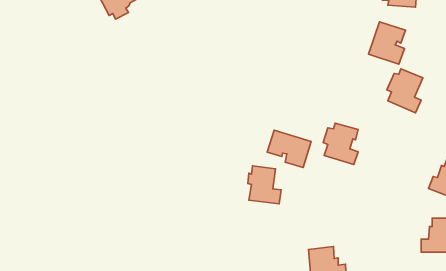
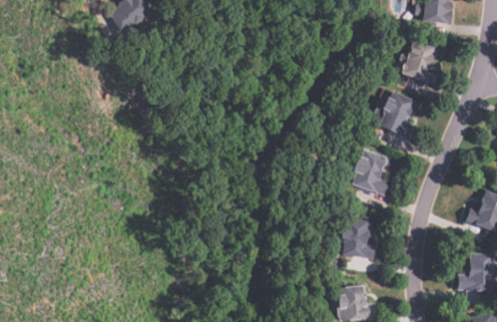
building: [387,69,423,113] -> [378,90,417,138]
building: [267,130,311,168] -> none
building: [248,166,281,204] -> [341,218,377,259]

